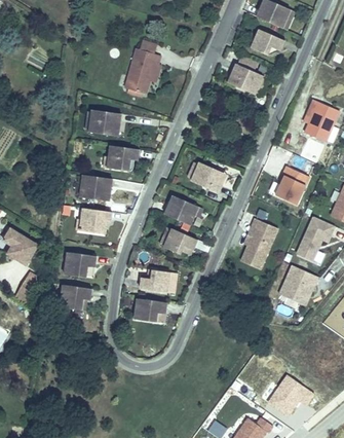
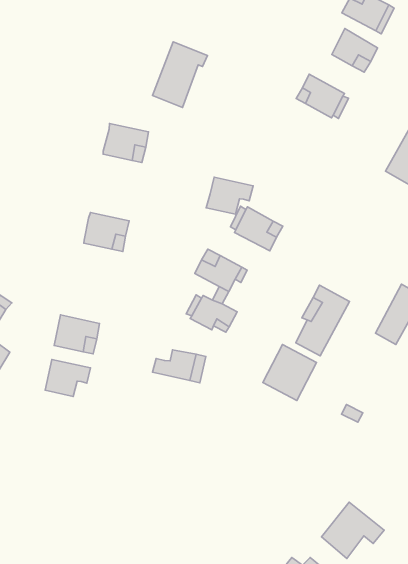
building: [108,146,141,172] -> [206,177,253,214]
building: [270,165,304,204] -> none
building: [80,209,113,233] -> none
building: [275,264,313,304] -> [263,344,317,401]
building: [132,299,164,323] -> none

